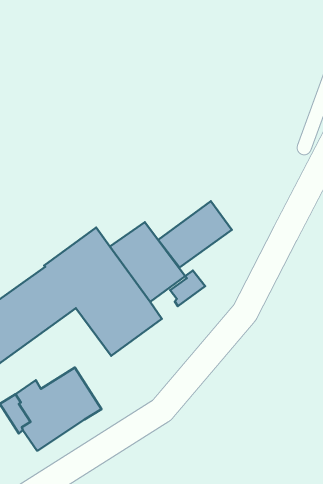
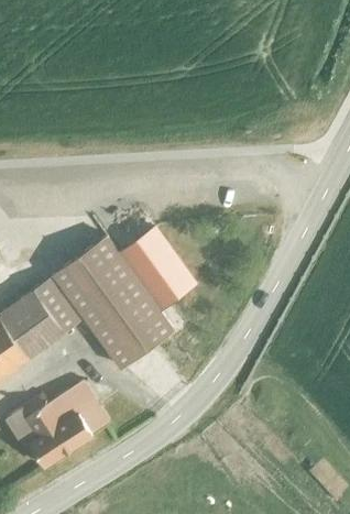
building: [158,201,232,267] -> none
building: [170,270,205,306] -> none

